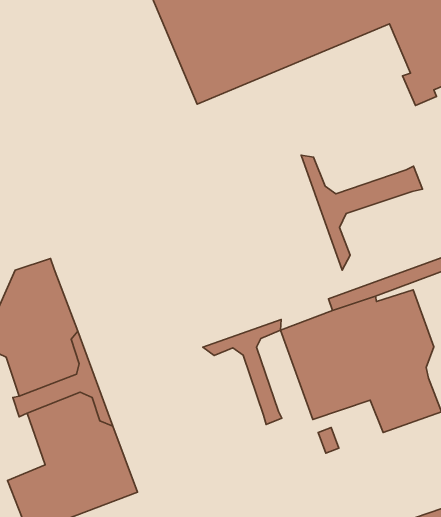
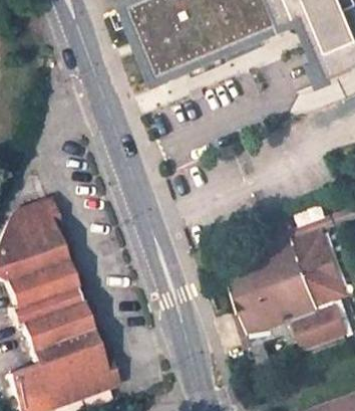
building: [301,155,422,270] -> none
building: [203,319,282,425] -> none

